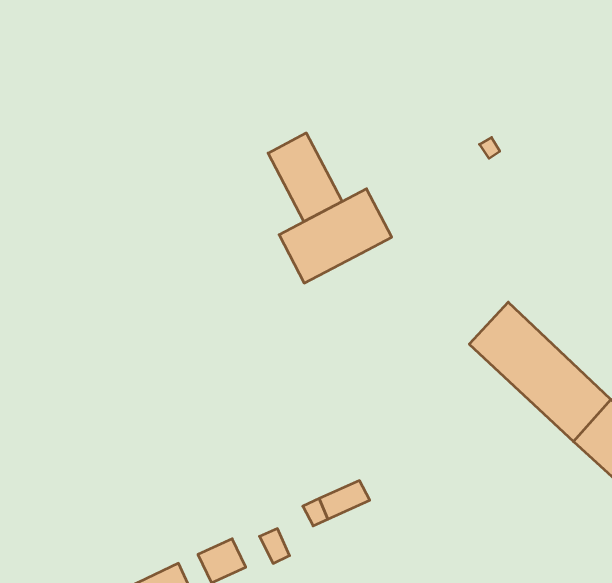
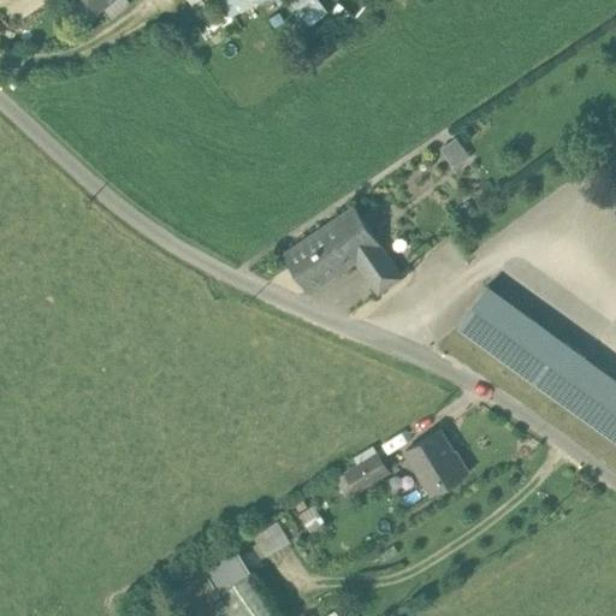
building: [268,133,342,222] -> none
building: none -> [357,245,404,296]
building: none -> [405,432,468,496]

